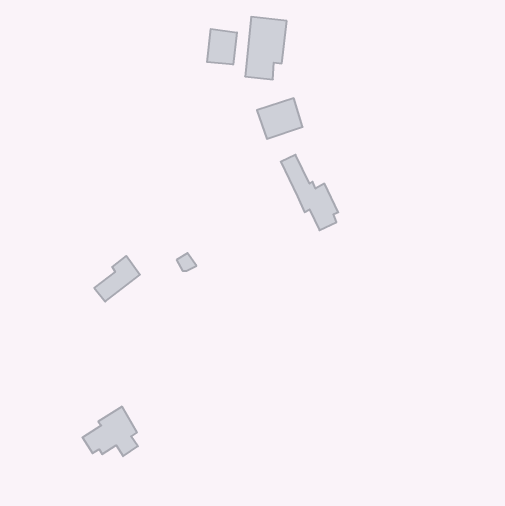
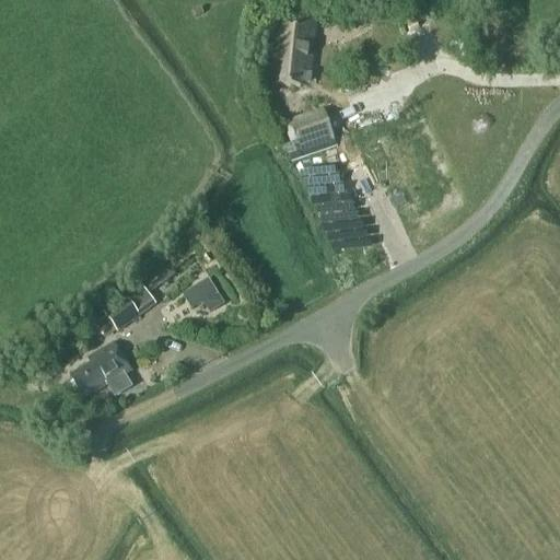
building: [207,29,237,65] -> none
building: [82,407,138,456] -> [72,342,133,397]

